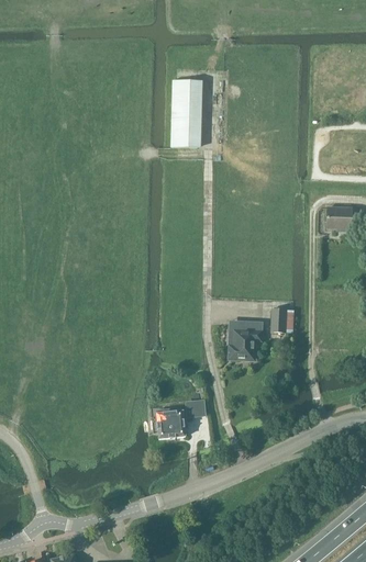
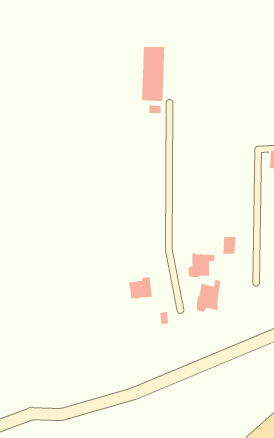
building: none -> [196,279,221,313]
building: [156,408,186,436] -> [128,276,152,299]

